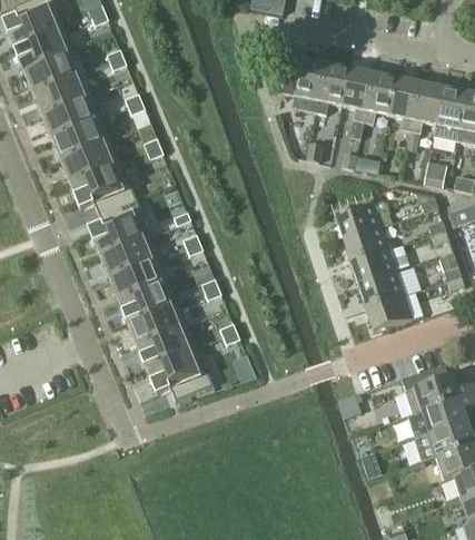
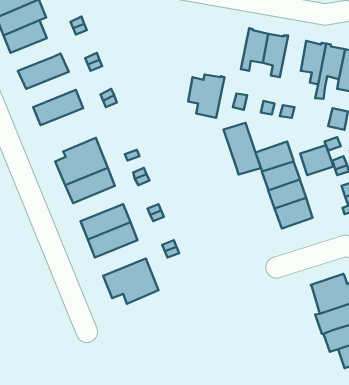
building: [280,59,325,112] -> [188,74,224,118]
building: [363,71,395,124] -> none
building: [32,75,86,115] -> none
building: [51,116,112,159] -> none
building: [69,160,137,214] -> none
building: none -> [223,123,261,175]
building: none -> [300,145,333,175]
building: [109,256,170,300] -> none
building: [365,295,410,331] -> none
building: [136,323,198,366] -> none

